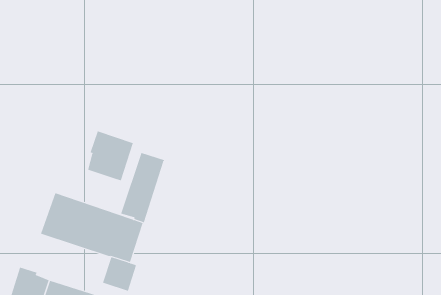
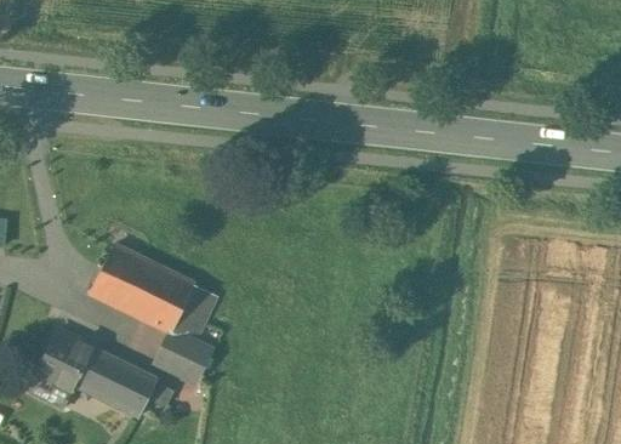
building: [87,130,134,181] -> none
building: [120,152,165,223] -> none

